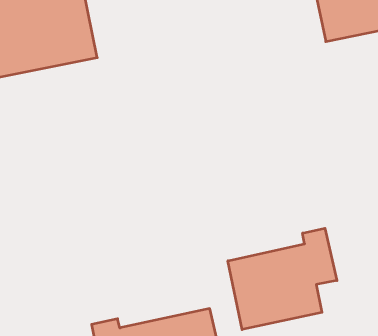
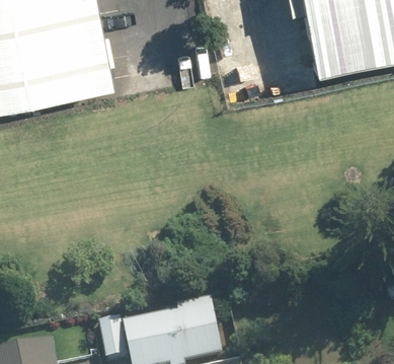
building: [228,228,337,330] -> none

